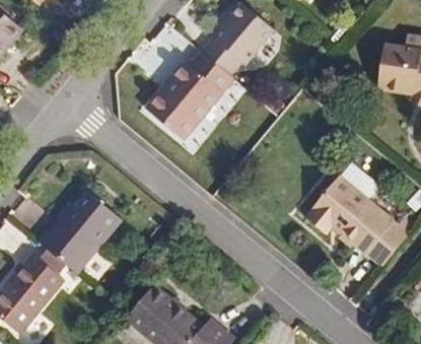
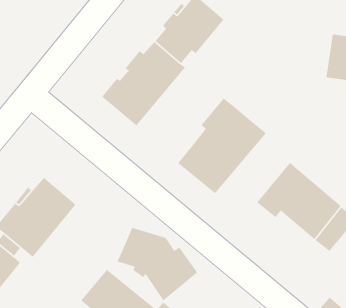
building: none -> [177,97,267,194]
building: none -> [116,227,198,301]

